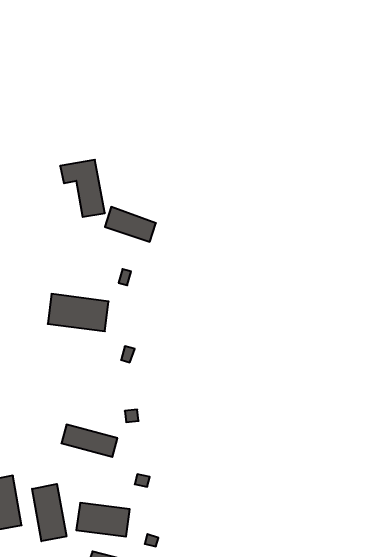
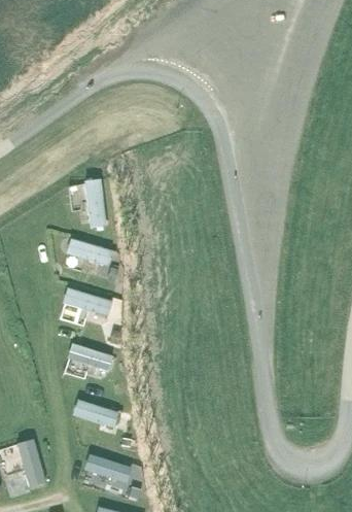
building: [105,207,156,242] -> [67,236,109,265]
building: none -> [65,342,113,377]
building: [32,484,66,541] -> none

